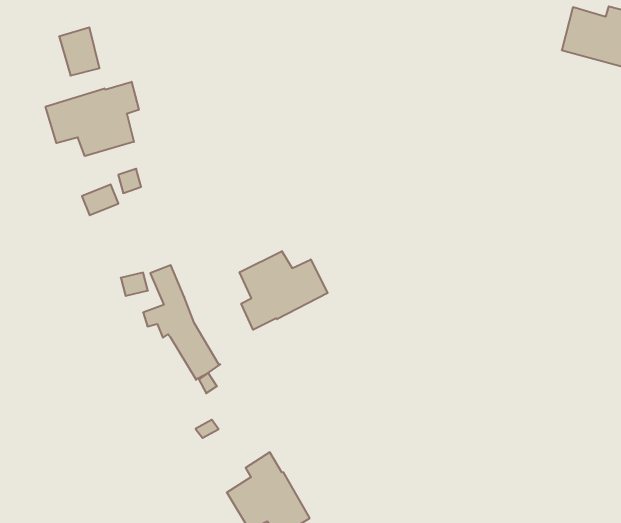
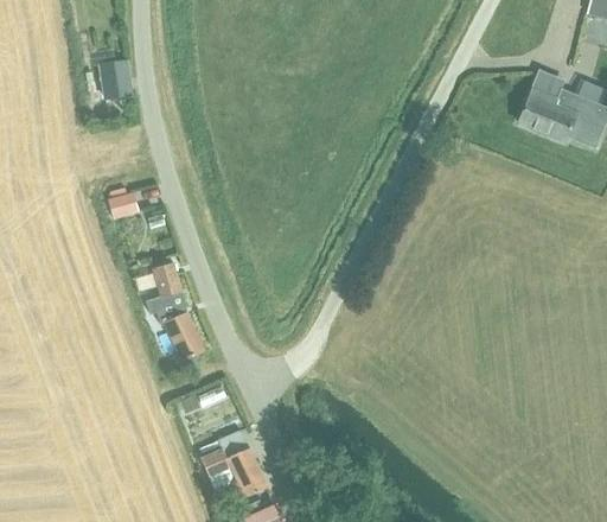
building: [46,82,139,156] -> none
building: [240,251,328,330] -> none

